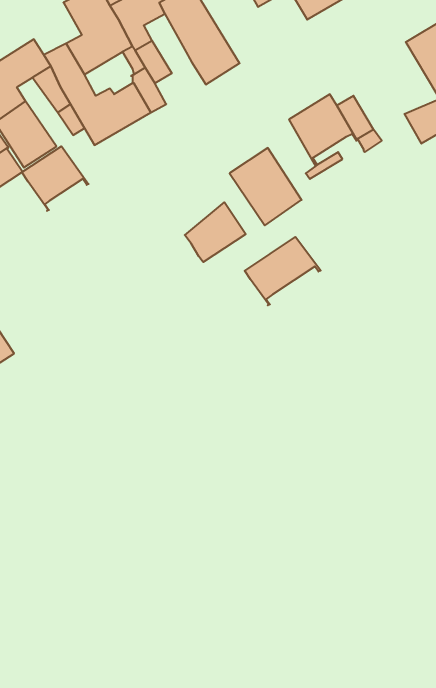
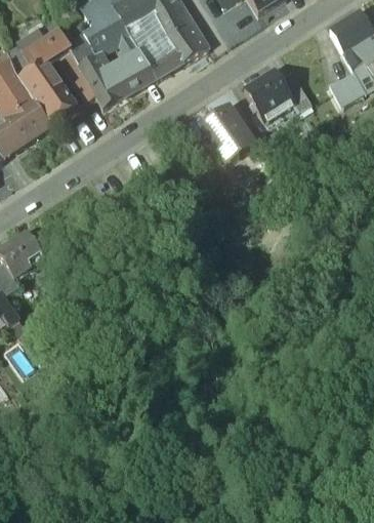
building: none -> [148,46,184,79]
building: [22,146,89,211] -> none
building: [185,202,246,262] -> none
building: [245,237,321,305] -> none

